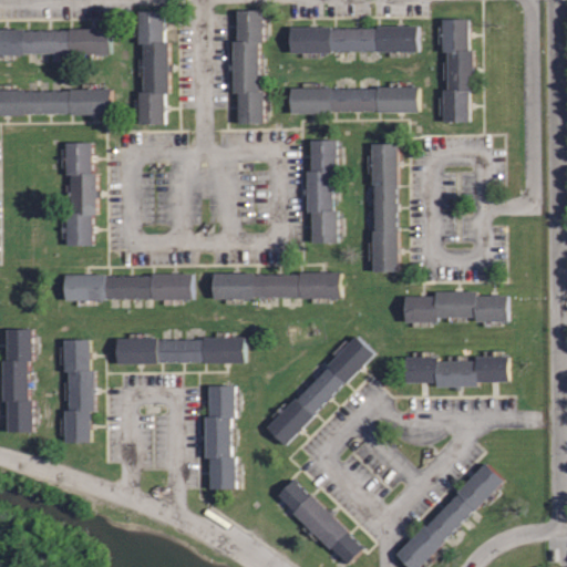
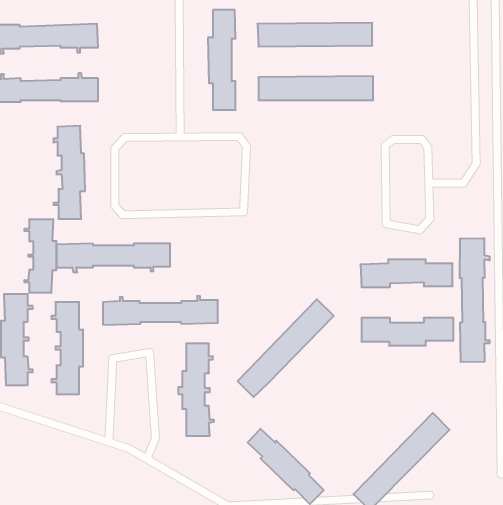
building: [130,11,171,124] -> none
building: [441,19,472,123] -> none
building: [306,140,337,244] -> none
building: [370,144,398,272] -> none
building: none -> [24,219,56,293]
building: none -> [460,238,489,362]
building: [212,272,340,305] -> none

